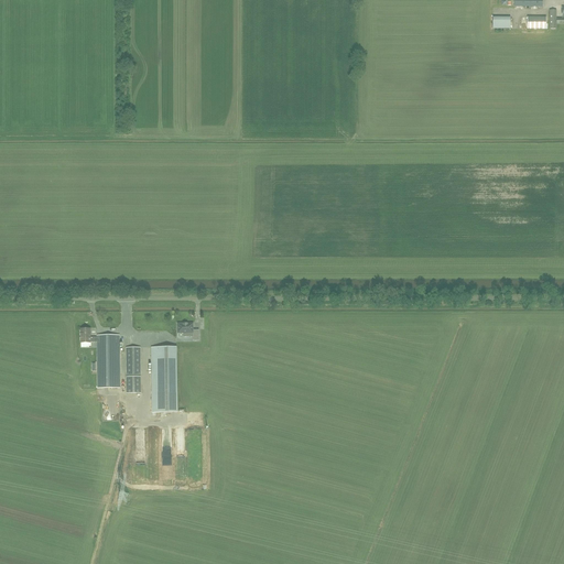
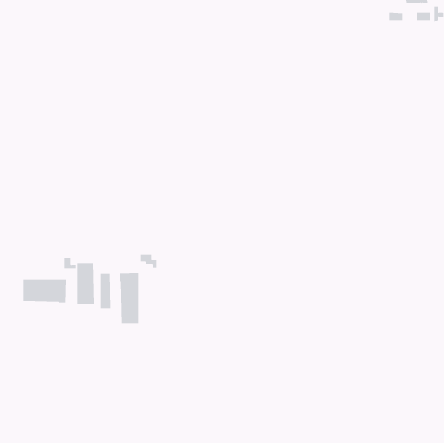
building: none -> [23,279,67,303]

